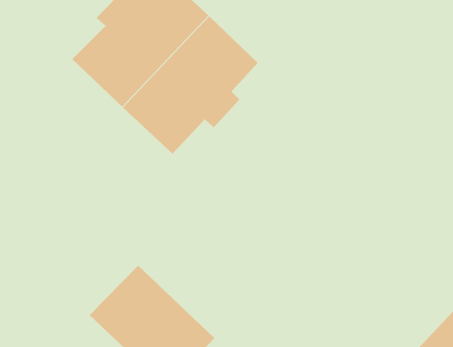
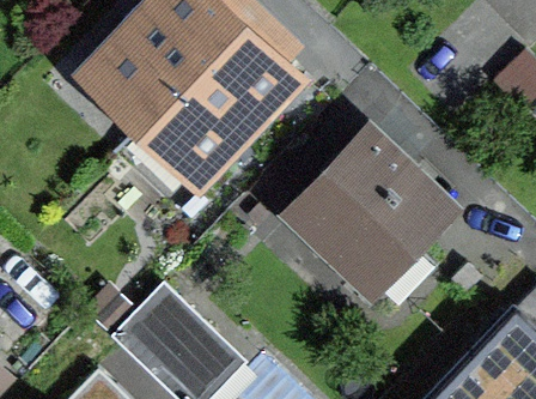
building: none -> [297,135,449,286]

